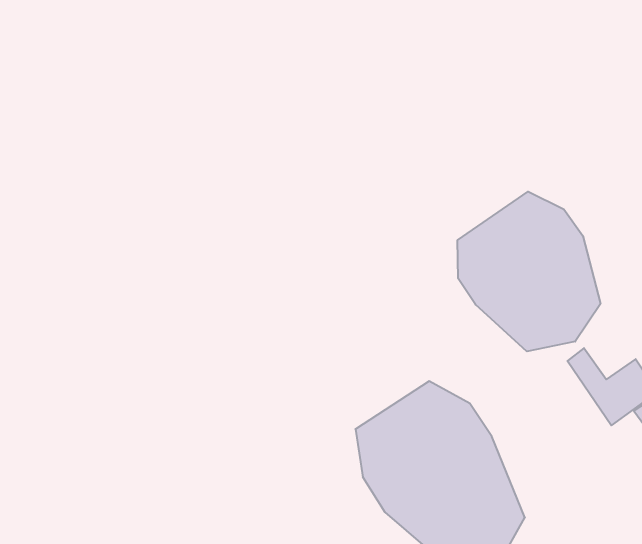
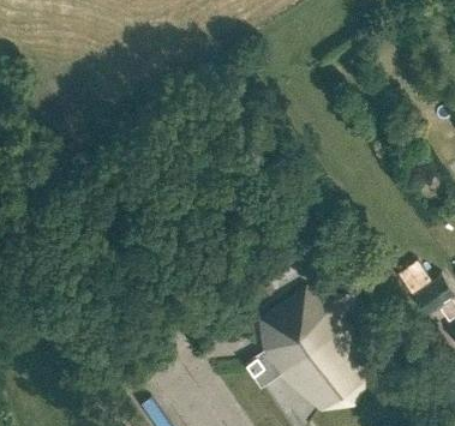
building: [458,192,600,351] -> none

